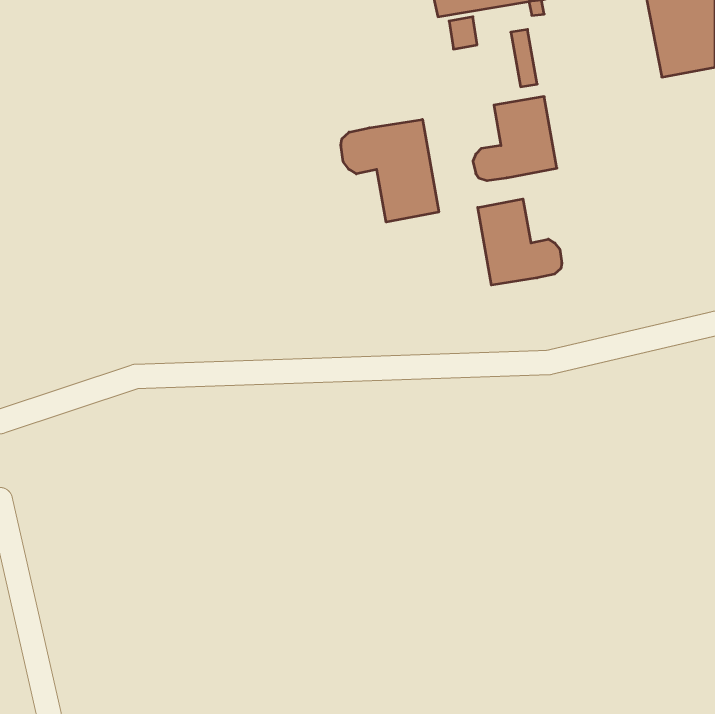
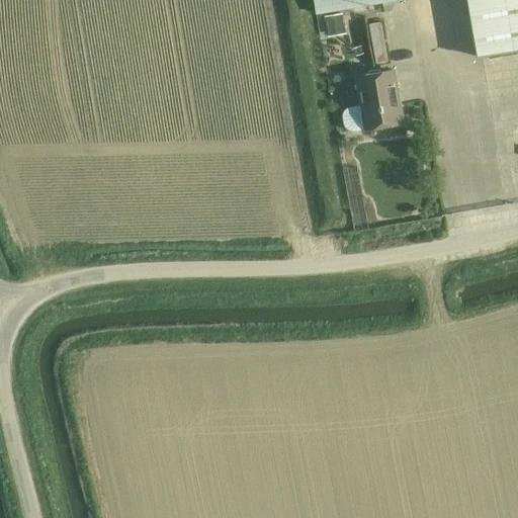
building: [341,119,439,222] -> none
building: [478,199,562,285] -> none

